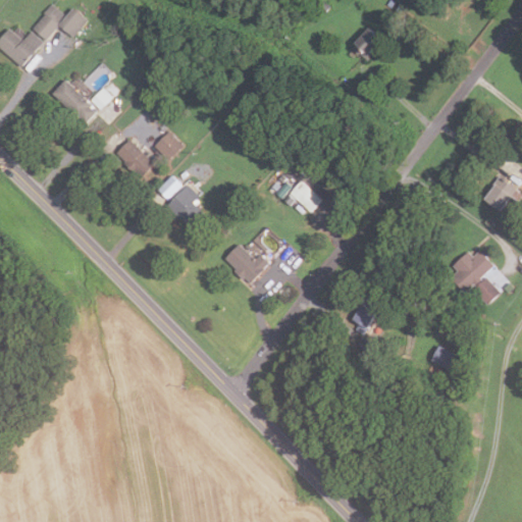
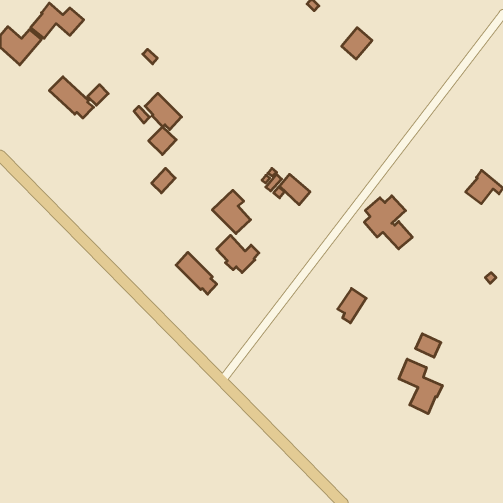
building: [115,139,153,176] -> [145,93,182,130]
building: [166,185,206,229] -> [212,190,251,234]
building: [451,250,501,305] -> [364,196,412,249]
building: none -> [176,252,217,294]
building: none -> [399,359,442,414]

